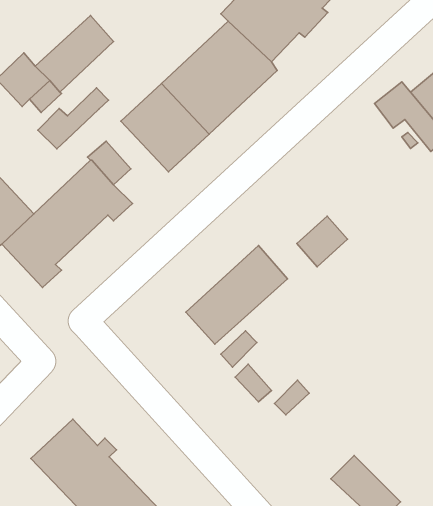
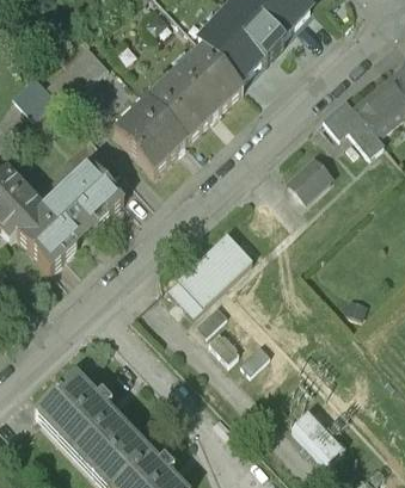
building: [38,88,108,149] -> none
building: [297,216,347,267] -> [288,157,330,199]

